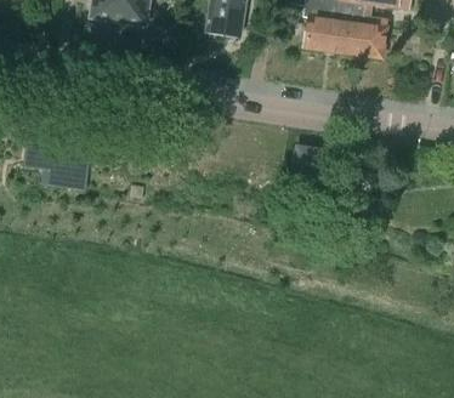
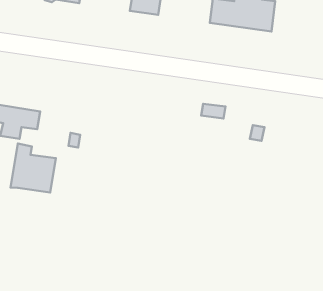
building: none -> [11,144,56,192]

